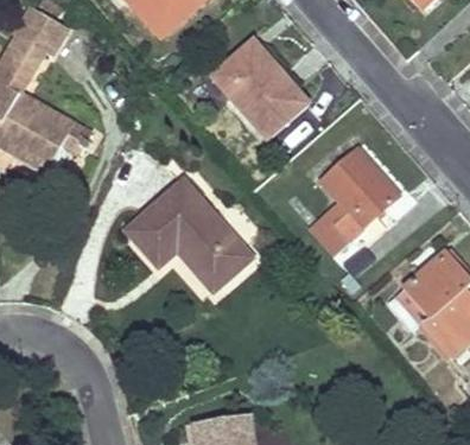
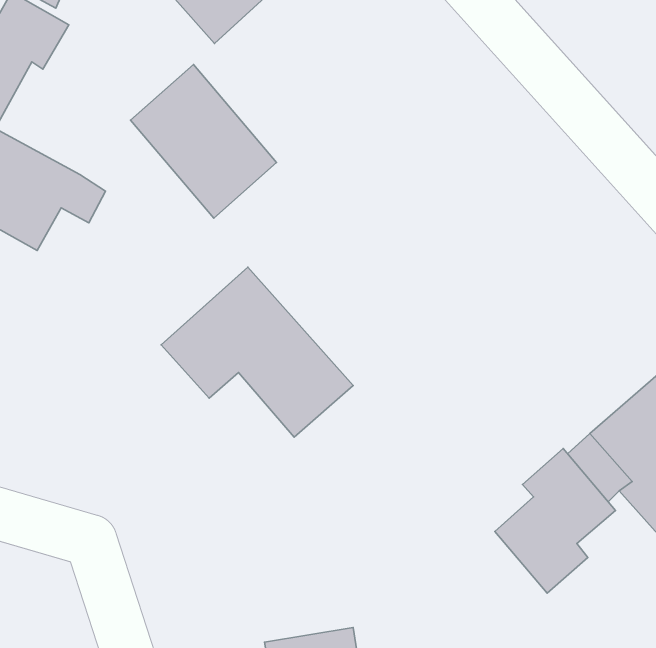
building: [212,39,306,138] -> [131,65,277,218]
building: [312,146,399,252] -> none
building: none -> [495,449,615,593]

